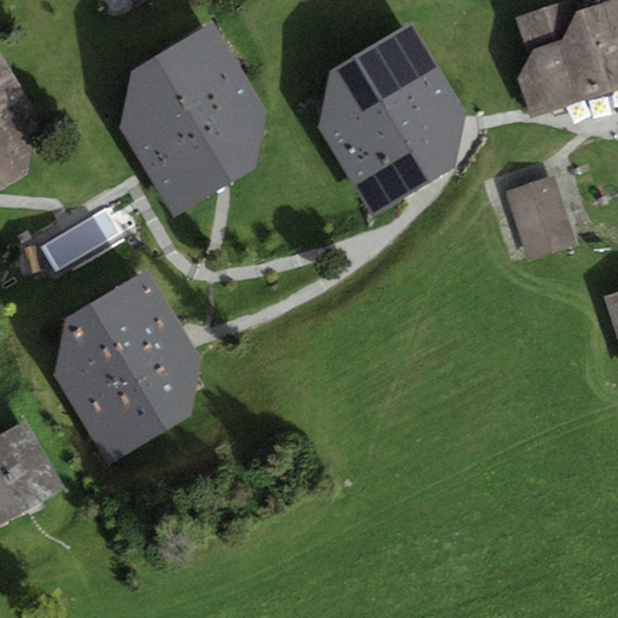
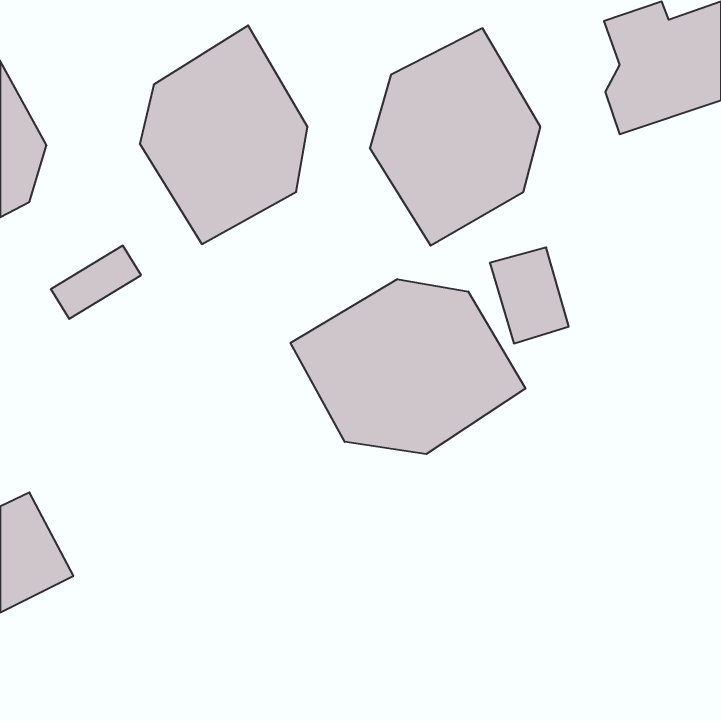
building: [508,177,576,260] -> [490,247,569,343]
building: none -> [291,279,525,454]
building: [53,270,200,467] -> none

